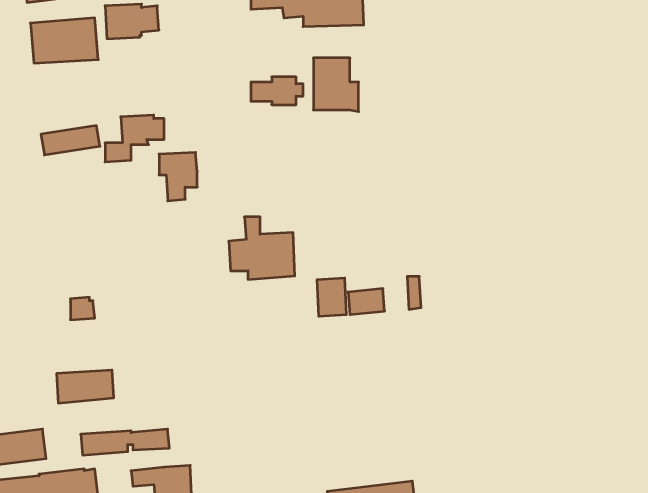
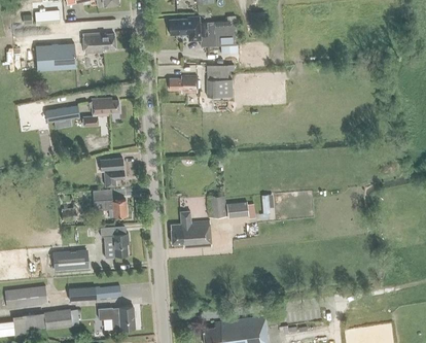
building: [159,152,197,201] -> [100,159,122,187]
building: [229,217,295,279] -> [171,212,210,249]
building: none -> [93,199,126,217]
building: none -> [100,227,128,256]

